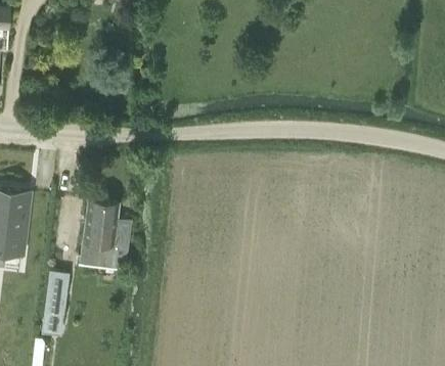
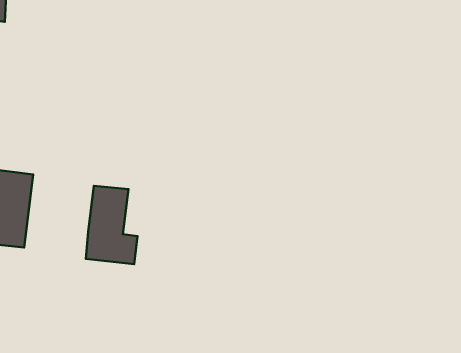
building: [46,274,68,318] -> none

